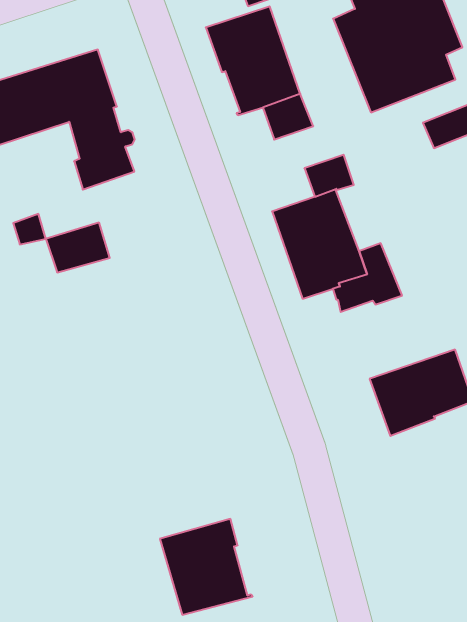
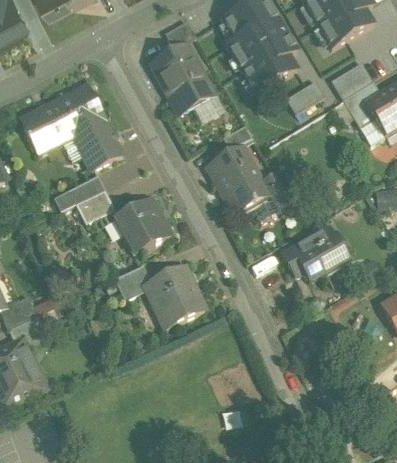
building: none -> [68,174,105,203]
building: none -> [114,196,172,254]
building: none -> [114,264,149,299]
building: [160,519,253,615] -> [144,265,205,327]

